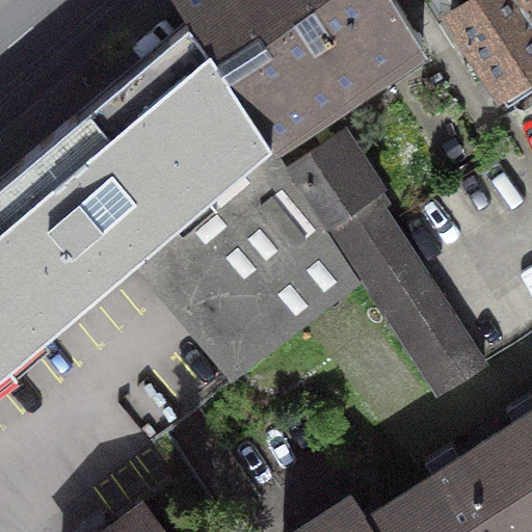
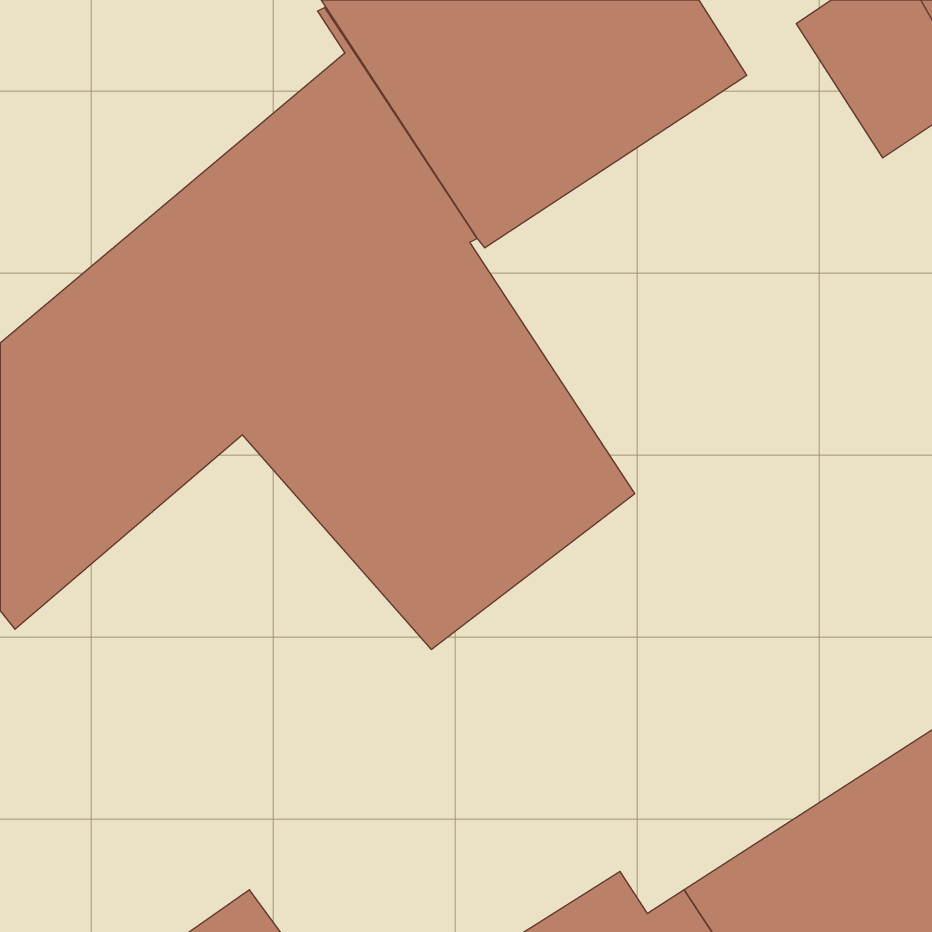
building: [295,134,487,395] -> none

